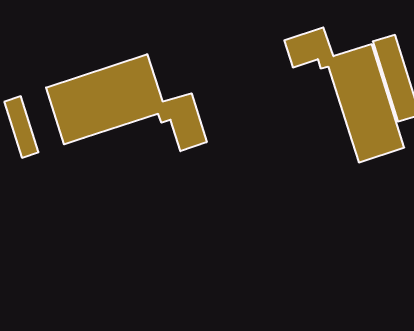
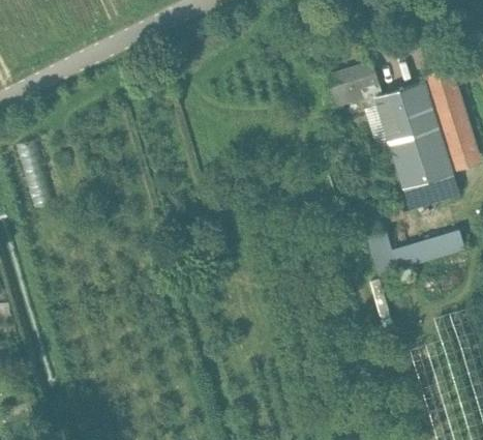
building: [46,54,207,151] -> none
building: none -> [366,230,464,276]

